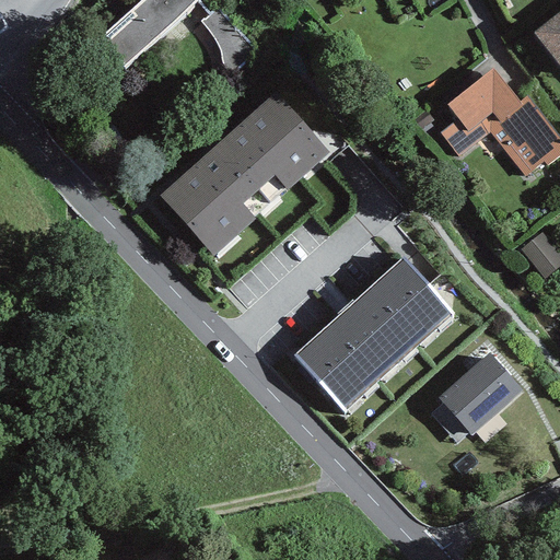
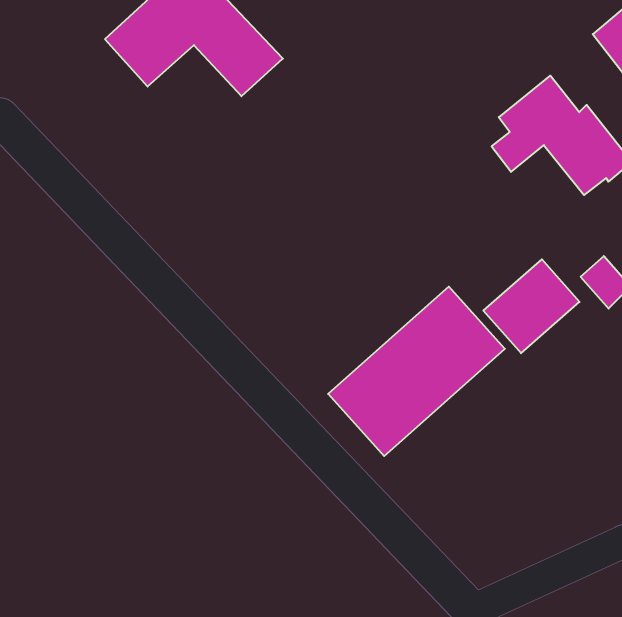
building: [159,92,330,256] -> none
building: [438,351,524,435] -> [483,259,580,353]

